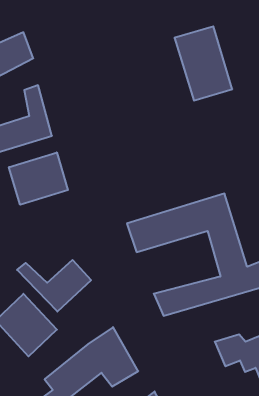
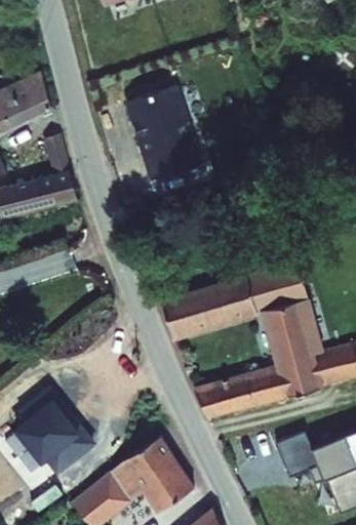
building: [174,26,232,101] -> [141,87,213,180]
building: [9,152,68,205] -> none
building: [17,260,91,312] -> none

